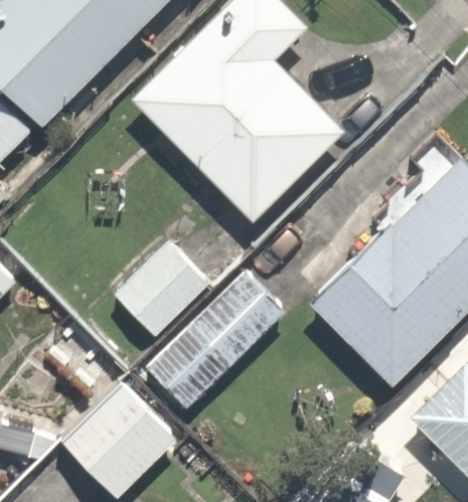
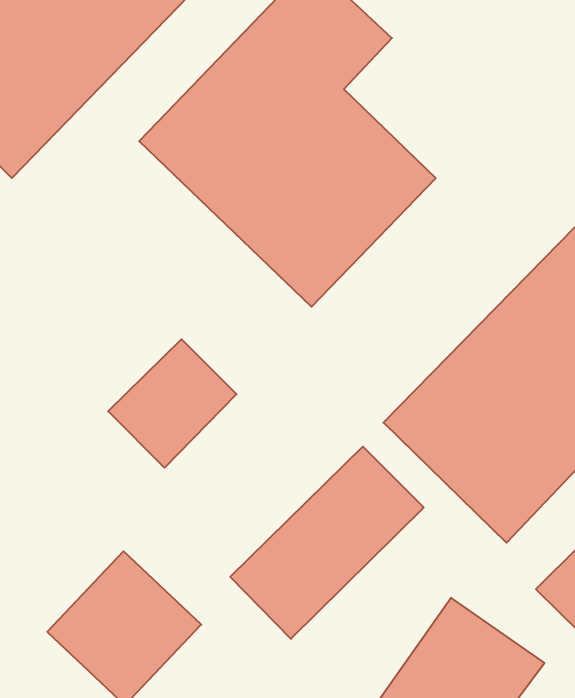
building: [145,272,283,408] -> [230,447,424,639]

